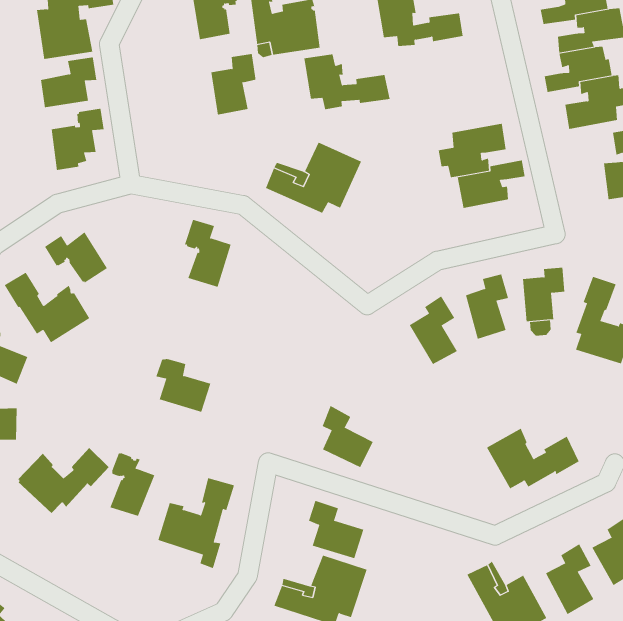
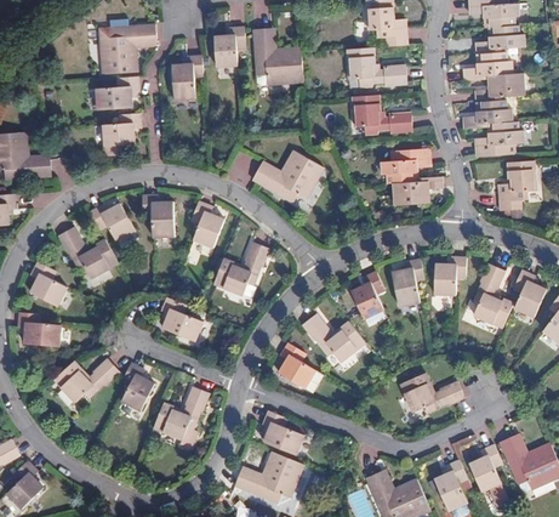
building: [210,54,256,115] -> [169,56,201,98]
building: [303,54,391,110] -> [355,95,416,135]
building: none -> [141,193,173,235]
building: none -> [215,240,274,295]
building: none -> [300,316,364,364]

